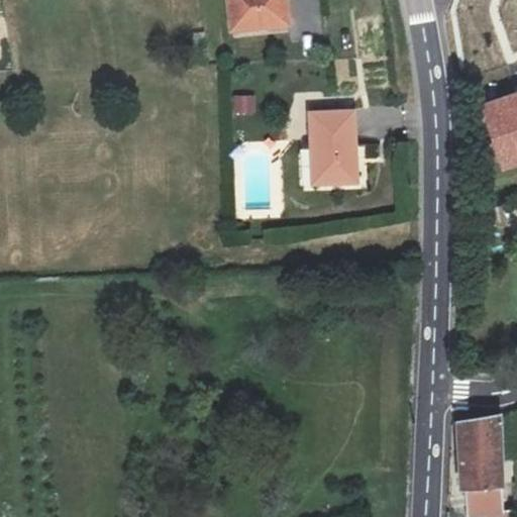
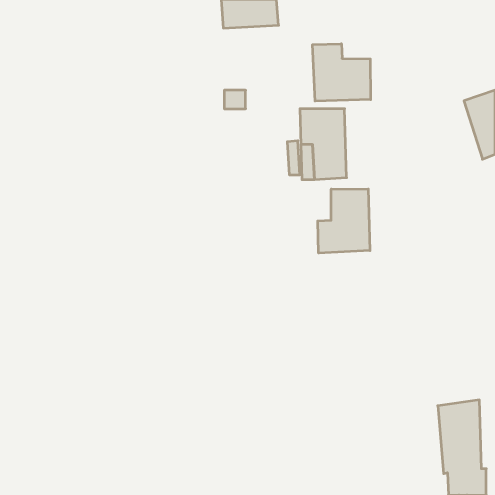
building: none -> [313,44,371,101]
building: none -> [318,189,370,253]

